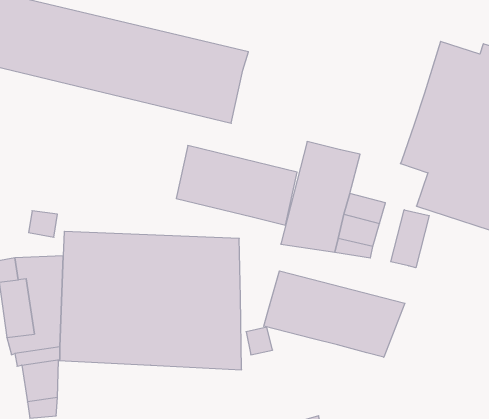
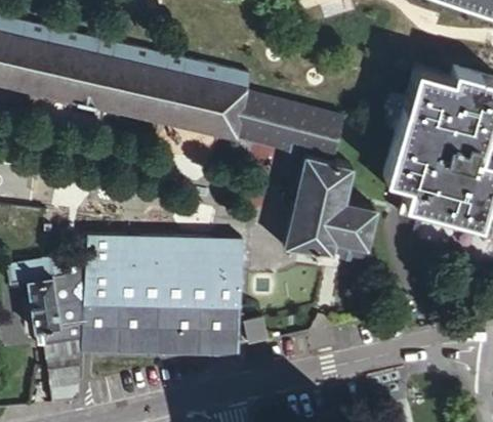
building: [176,146,297,225] -> [236,92,343,163]
building: [391,210,429,268] -> none
building: [264,271,405,357] -> none

